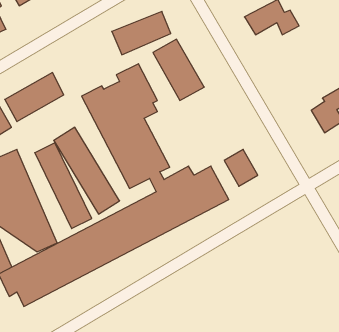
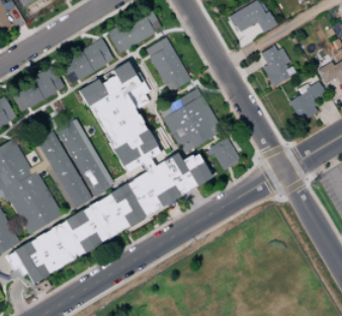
building: none -> [60,38,114,85]
building: none -> [262,45,297,87]
building: none -> [160,89,223,147]

